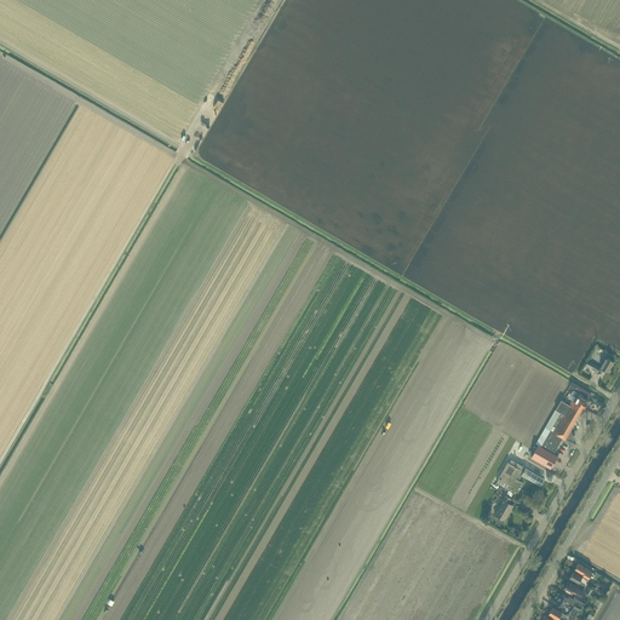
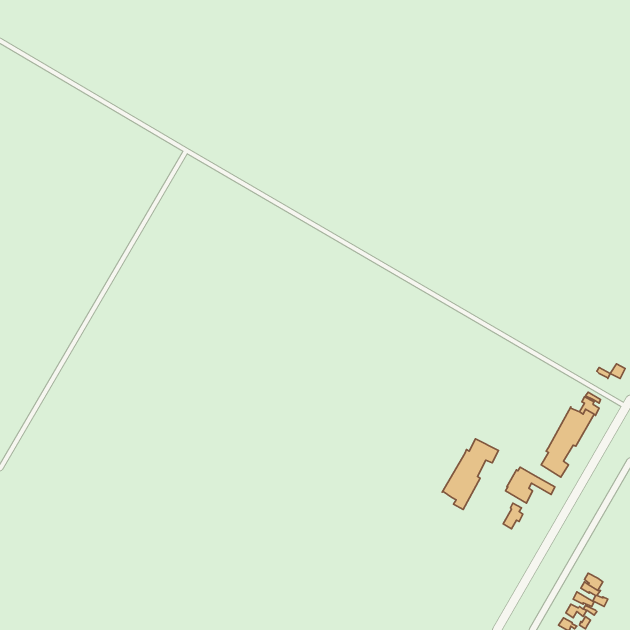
building: none -> [442,439,499,510]

